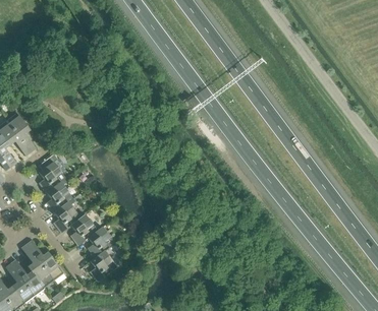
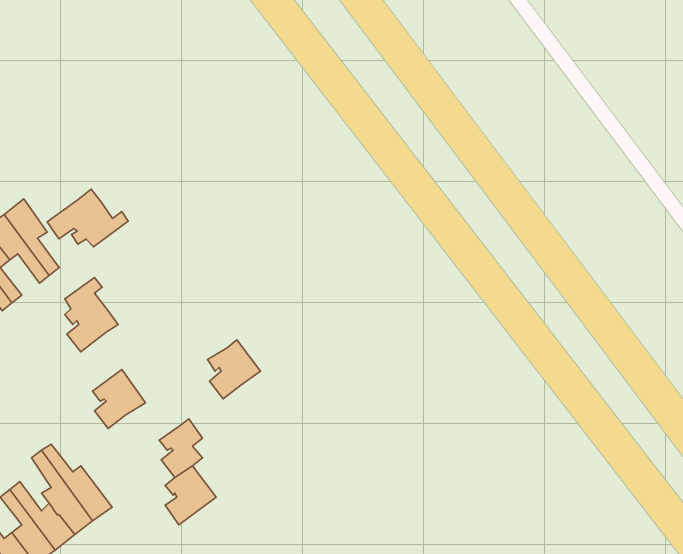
building: none -> [47,189,128,247]
building: [47,182,72,212] -> none
building: [70,214,98,245] -> [207,340,260,399]

